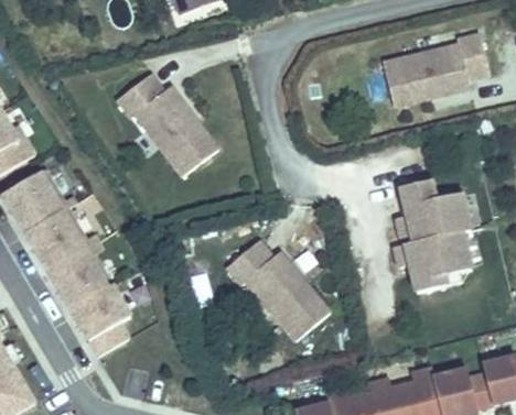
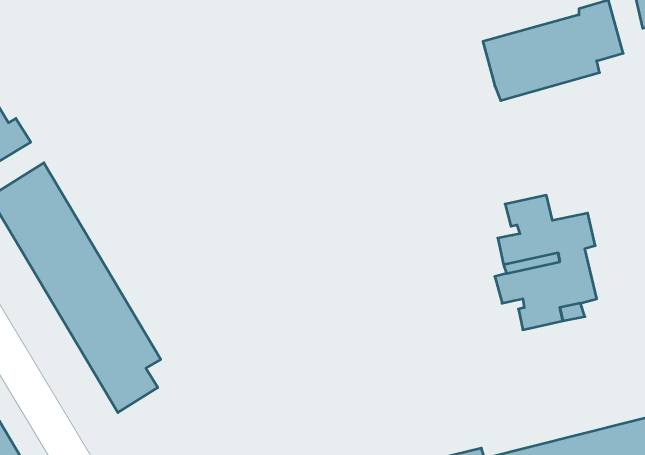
building: [111,87,213,184] -> none
building: [222,254,324,350] -> none

